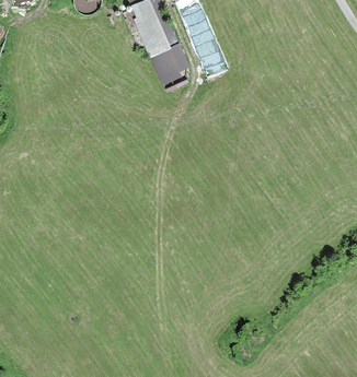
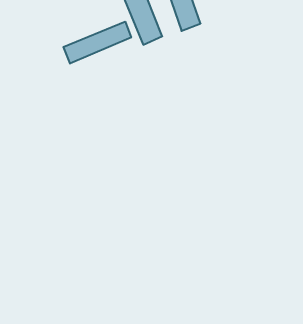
building: none -> [63,22,131,64]

